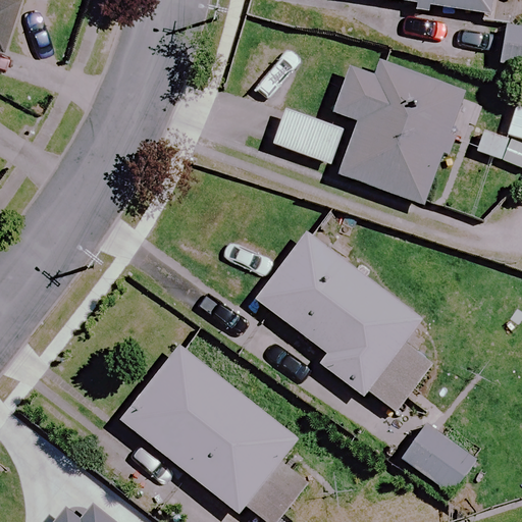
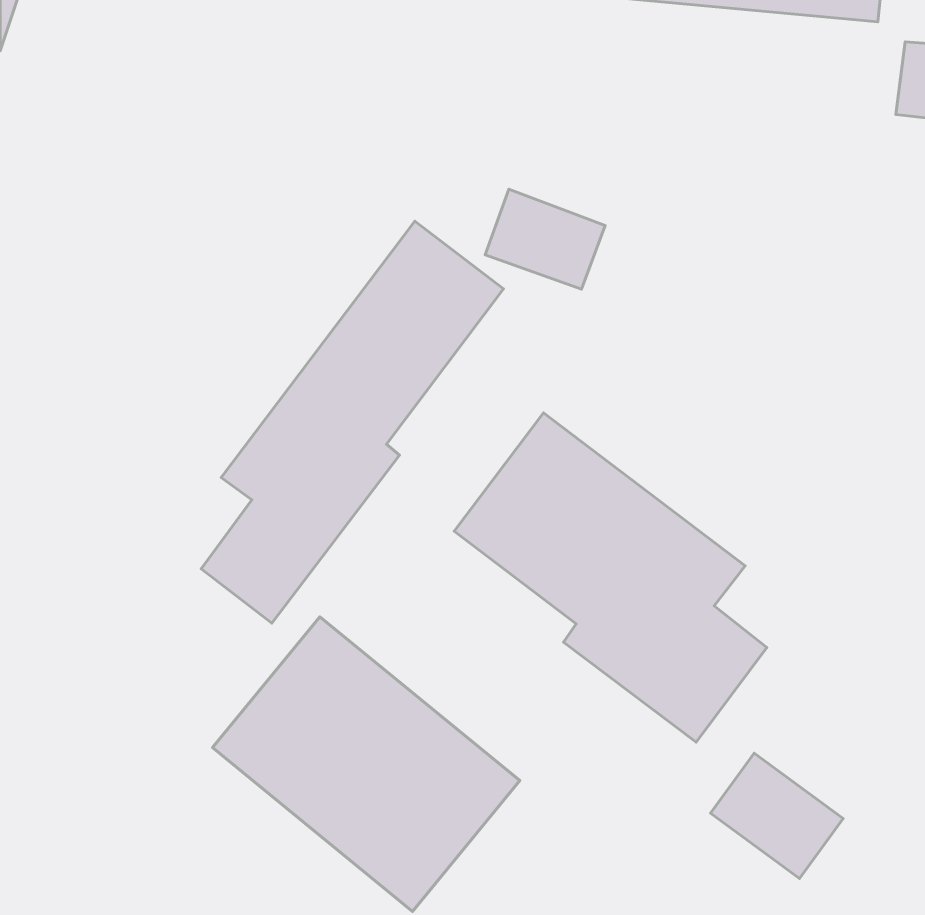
building: [331,46,469,205] -> none
building: none -> [201,221,504,623]

